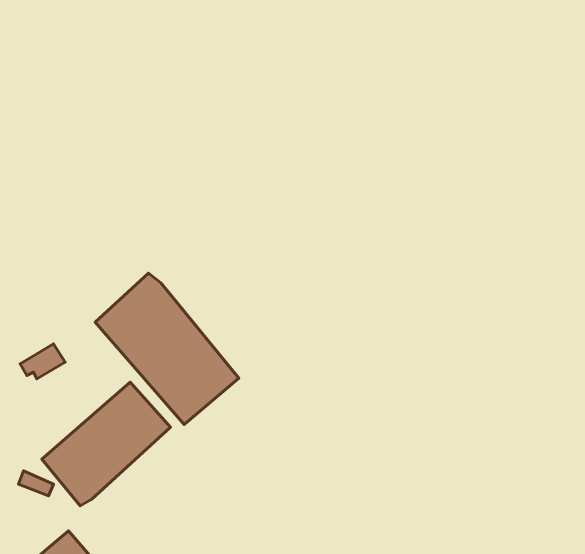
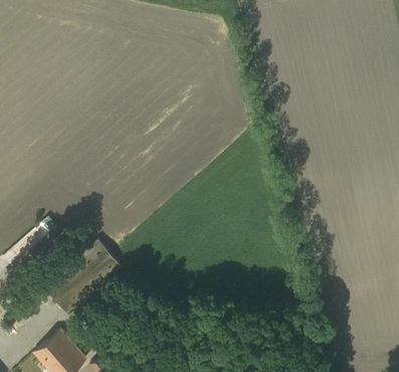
building: [95,273,239,425] -> none

